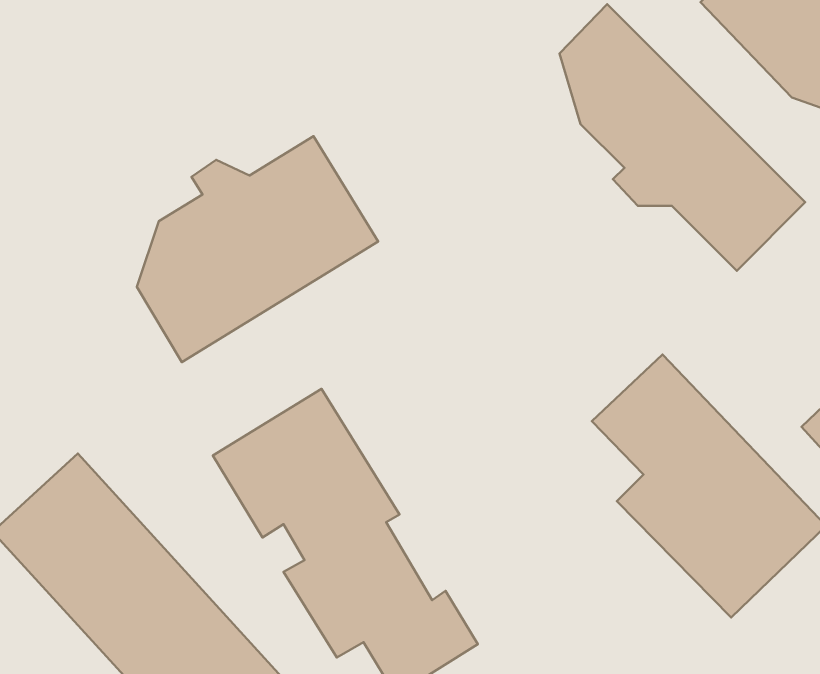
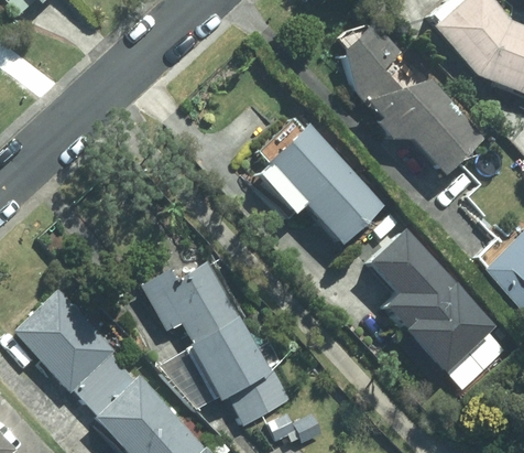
building: [137,136,378,362] -> none
building: none -> [251,112,385,248]

